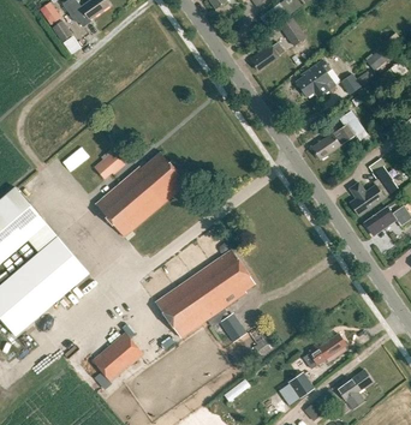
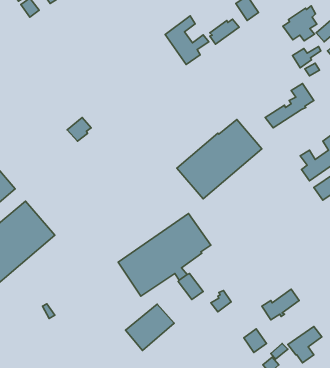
building: none -> [165,16,209,65]
building: [294,60,330,97] -> [283,6,317,41]
building: [95,152,185,237] -> [177,120,262,199]
building: [91,333,143,382] -> [125,304,174,350]

